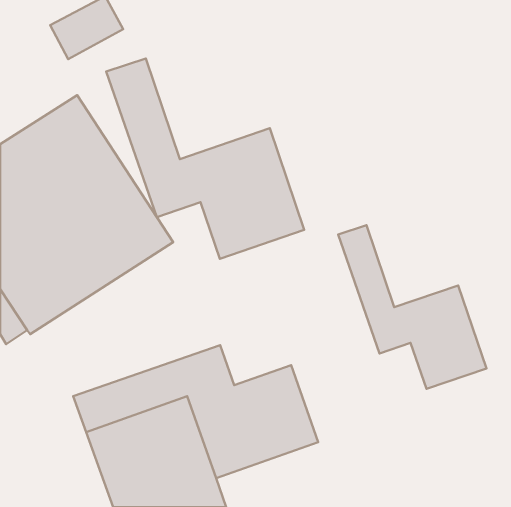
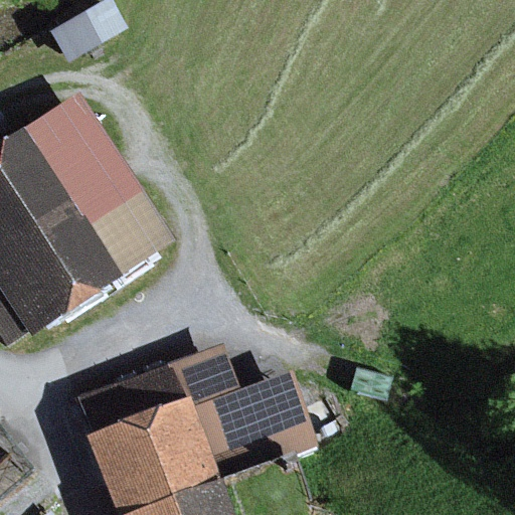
building: [106,58,304,259] -> none
building: [338,225,486,389] -> none

